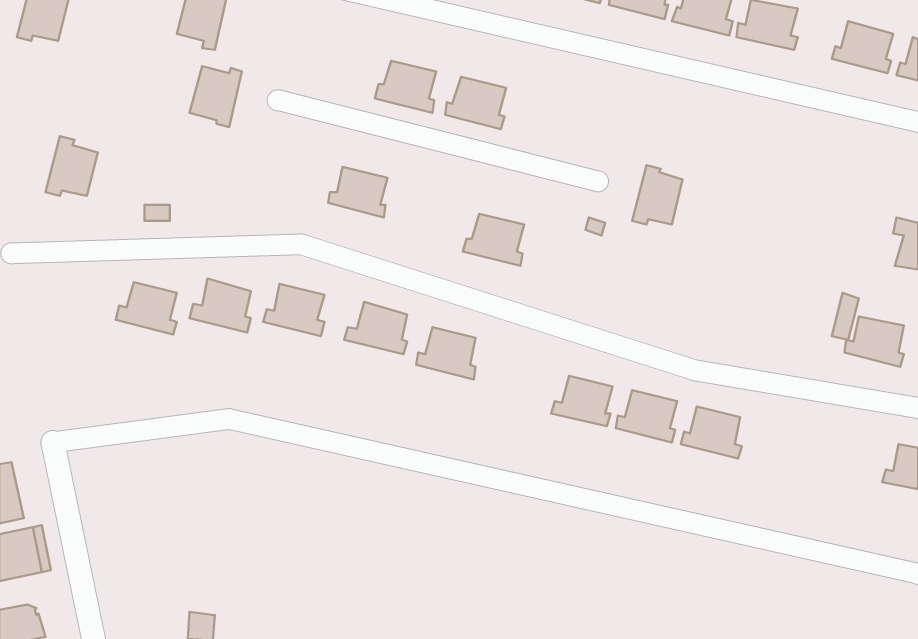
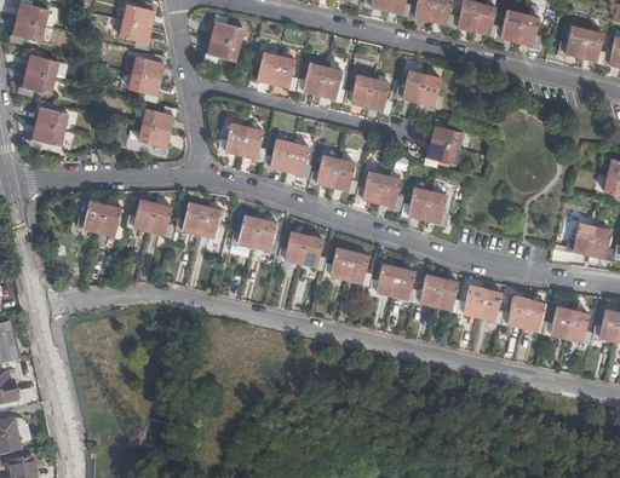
building: none -> [206,19,242,59]
building: none -> [22,52,57,93]
building: none -> [398,71,440,106]
building: none -> [348,76,388,111]
building: none -> [138,110,173,150]
building: none -> [266,140,306,175]
building: none -> [358,172,398,207]
building: none -> [404,189,446,224]
building: none -> [327,249,367,283]
building: none -> [504,296,544,332]
building: none -> [547,307,586,341]

